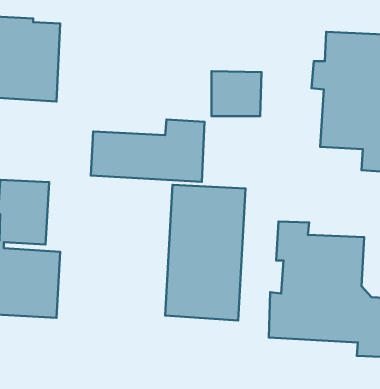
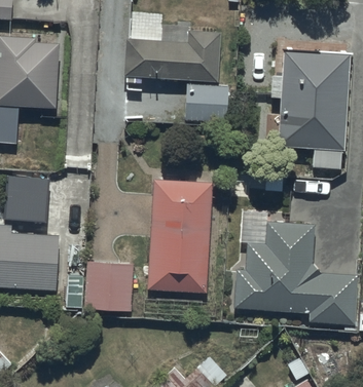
building: [91,119,204,182] -> [124,30,220,82]
building: none -> [84,264,134,312]

